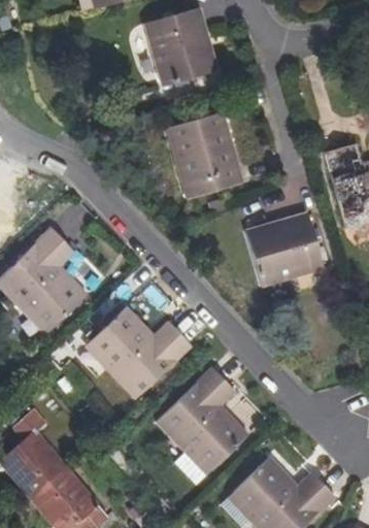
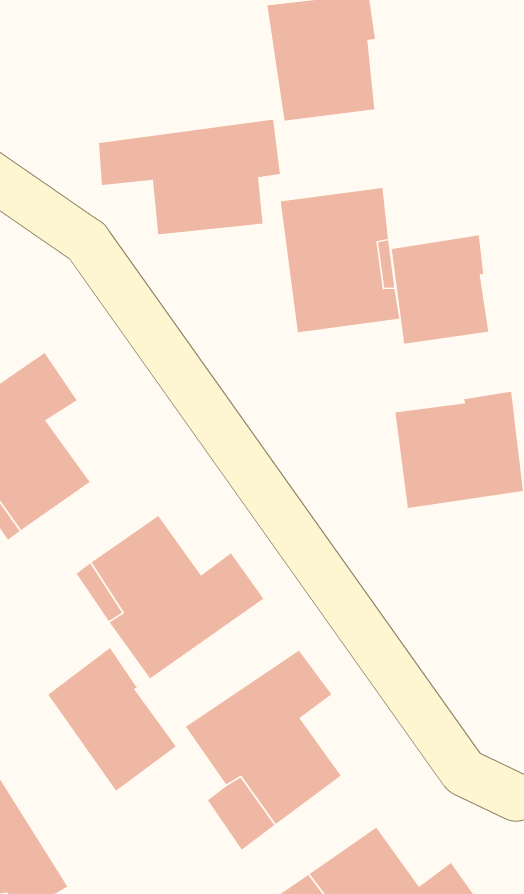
building: none -> [98,119,281,235]
building: none -> [391,235,489,345]
building: none -> [47,647,177,792]

